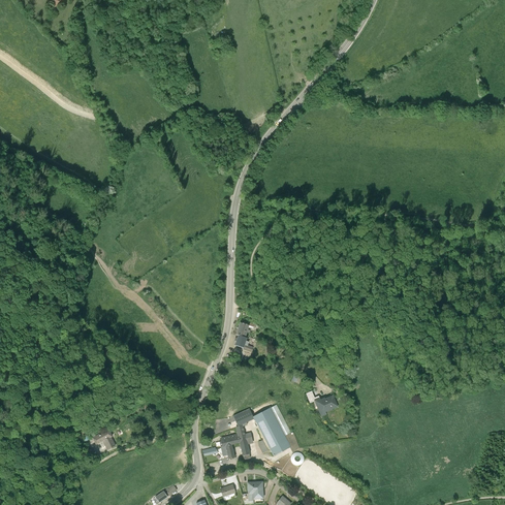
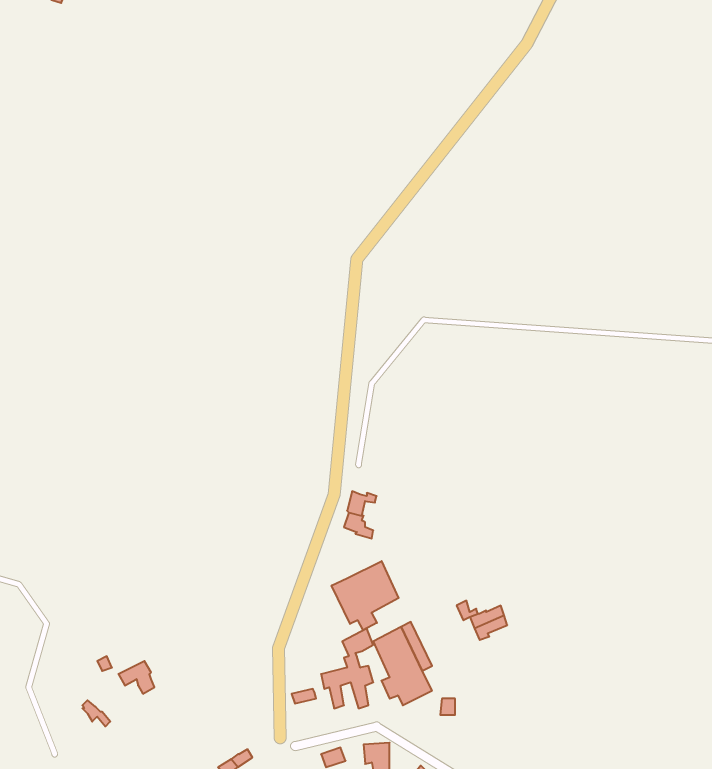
building: none -> [332,561,399,630]

